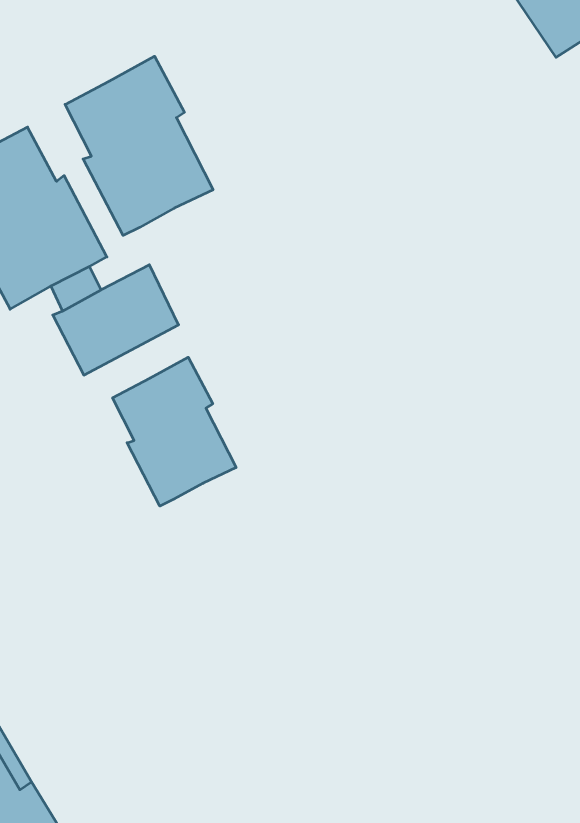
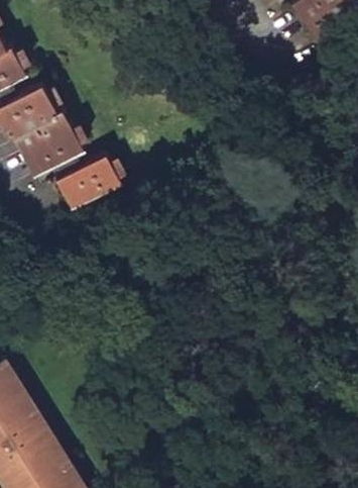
building: [65,56,213,235] -> none
building: [113,357,236,506] -> none

